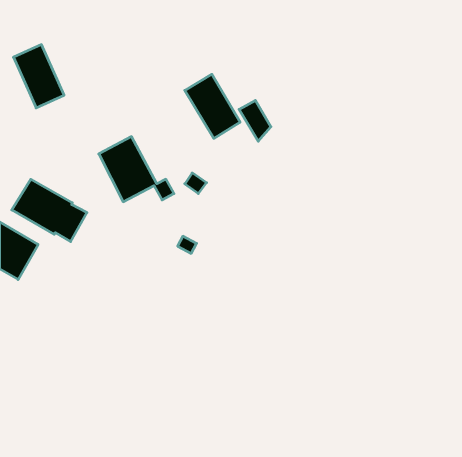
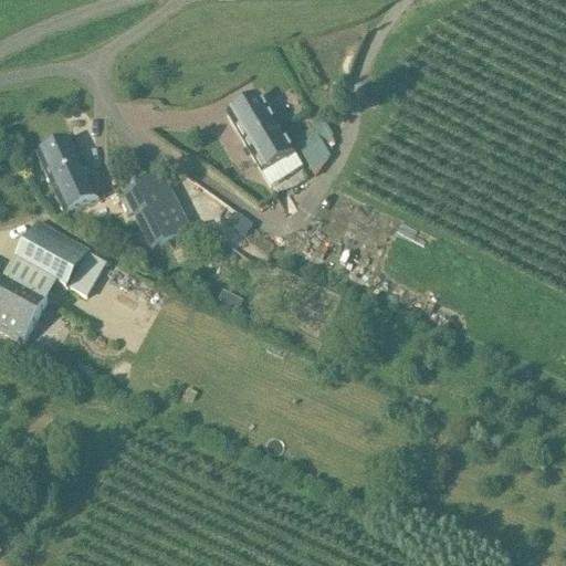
building: [13,45,64,108] -> [35,134,97,211]

